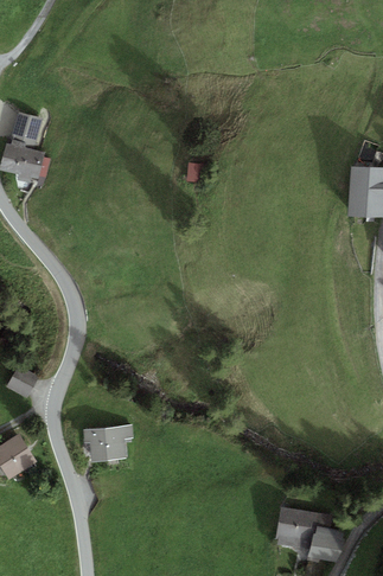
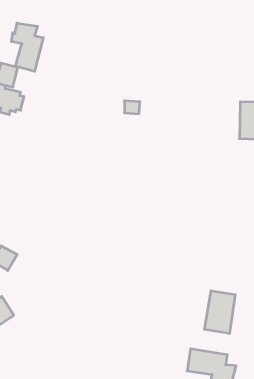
building: none -> [11,23,43,71]
building: [82,424,133,462] -> none
building: none -> [205,291,235,334]

